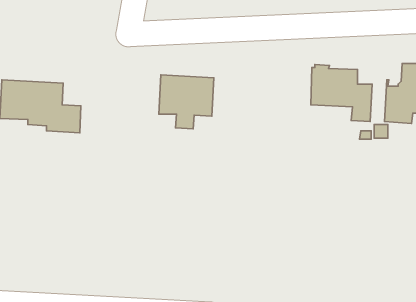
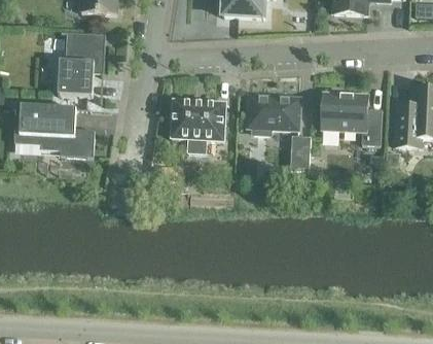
building: none -> [58,32,105,96]
building: none -> [247,95,299,133]
building: none -> [290,135,310,171]

